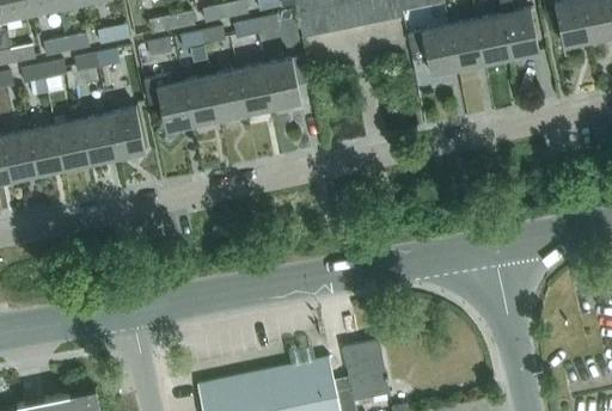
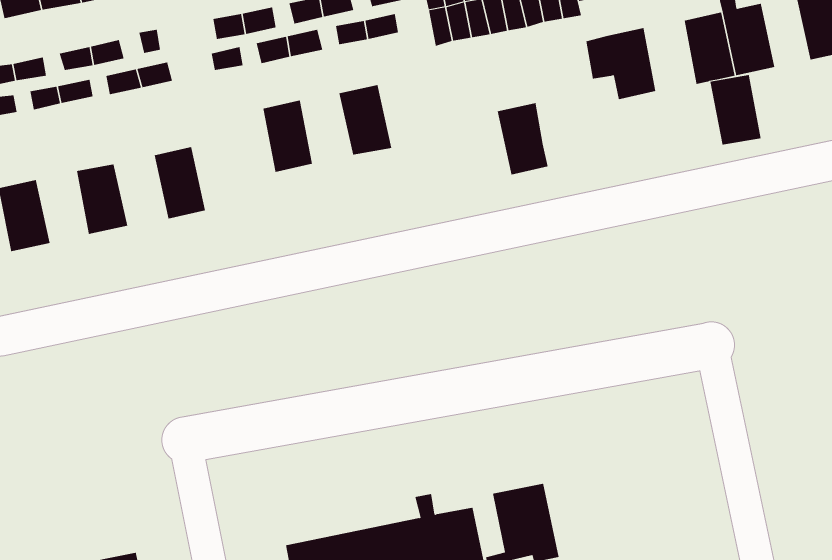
building: [447,20,483,69] -> [710,75,761,145]
building: [263,59,299,109] -> [497,103,549,175]
building: [209,70,245,119] -> none
building: [142,75,191,131] -> none
building: [80,114,117,162] -> none
building: [26,124,62,174] -> none

